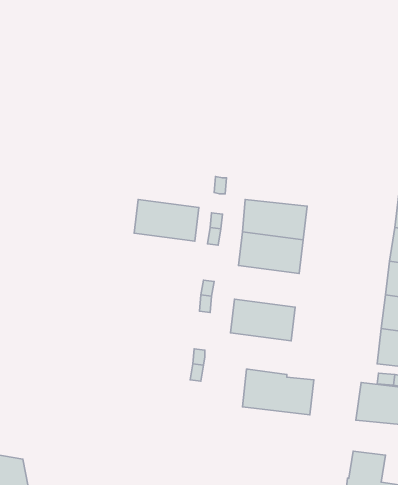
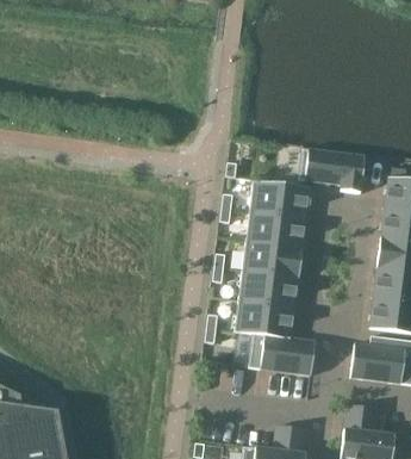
building: none -> [300,150,363,186]
building: [134,200,199,241] -> [243,241,300,278]
building: none -> [236,300,293,337]

